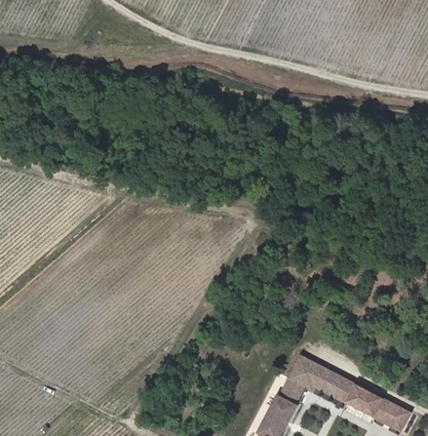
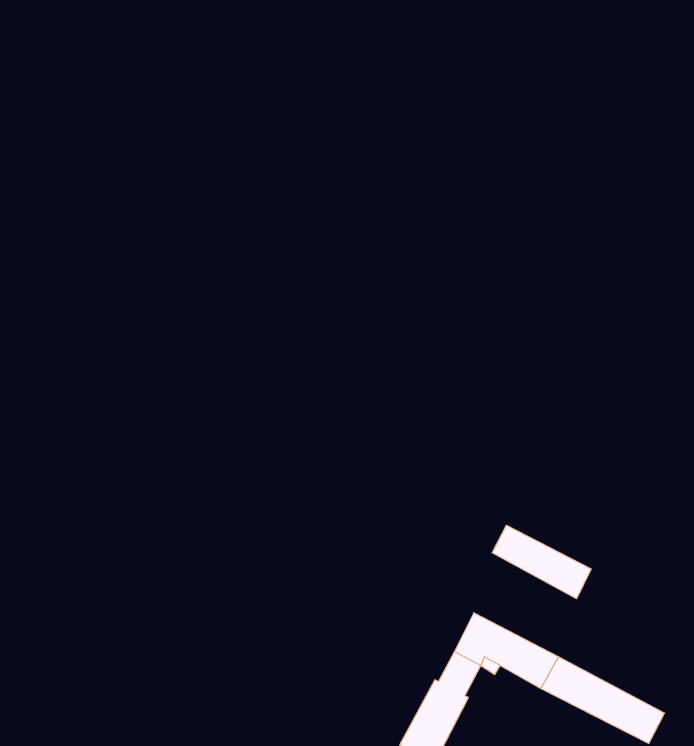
building: none -> [492,525,591,599]

